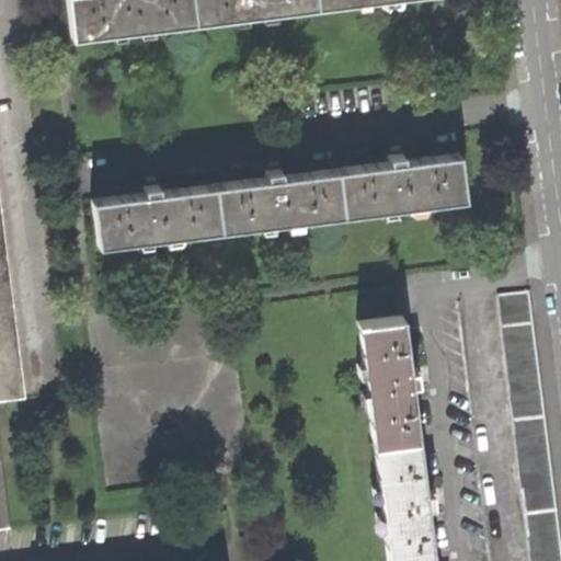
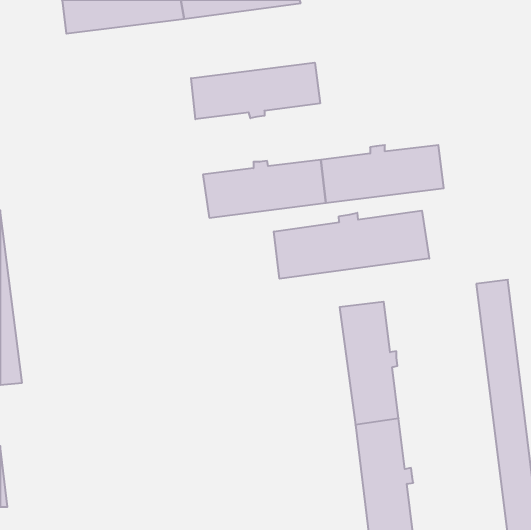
building: none -> [191,63,320,119]
building: [96,190,225,250] -> none
building: none -> [274,211,429,279]

